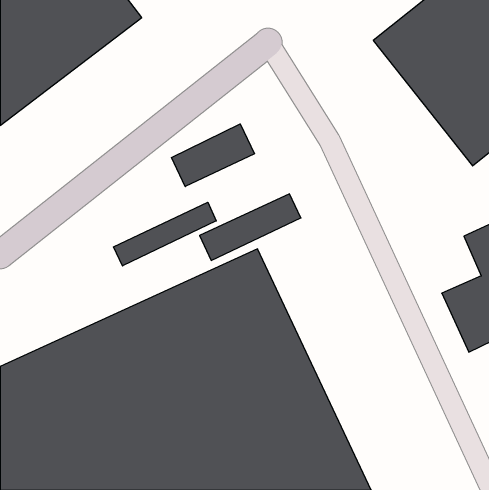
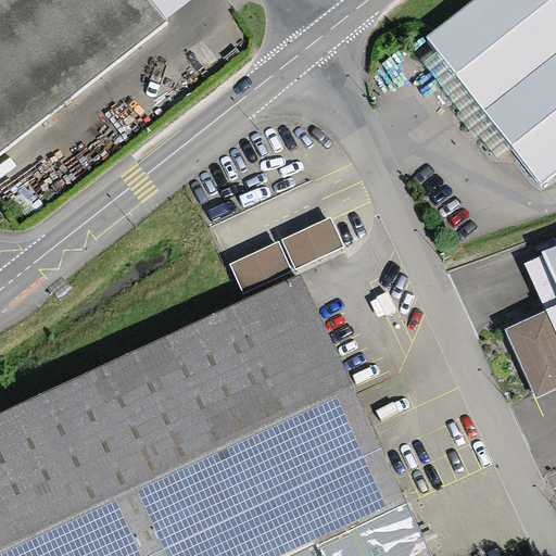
building: [172,124,255,187] -> none
building: [113,202,216,266] -> none

